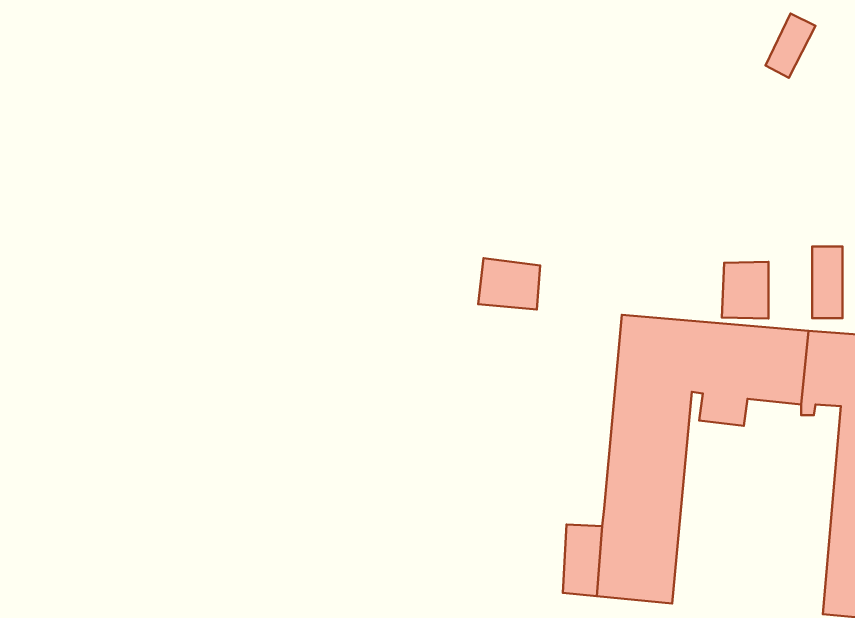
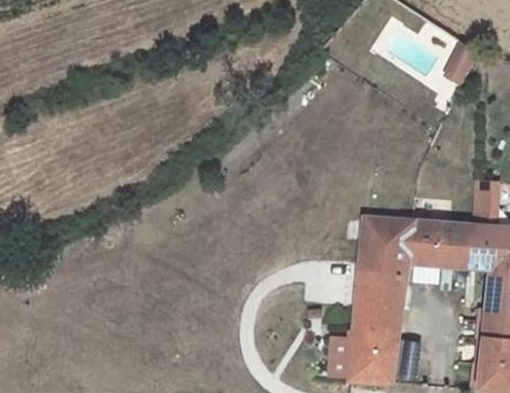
building: [478,258,540,310] -> none
building: [722,262,768,318] -> none

